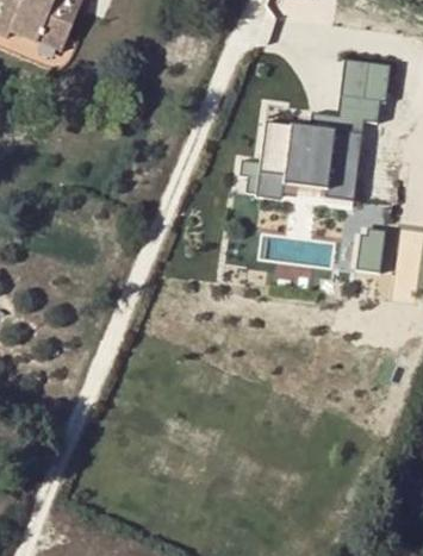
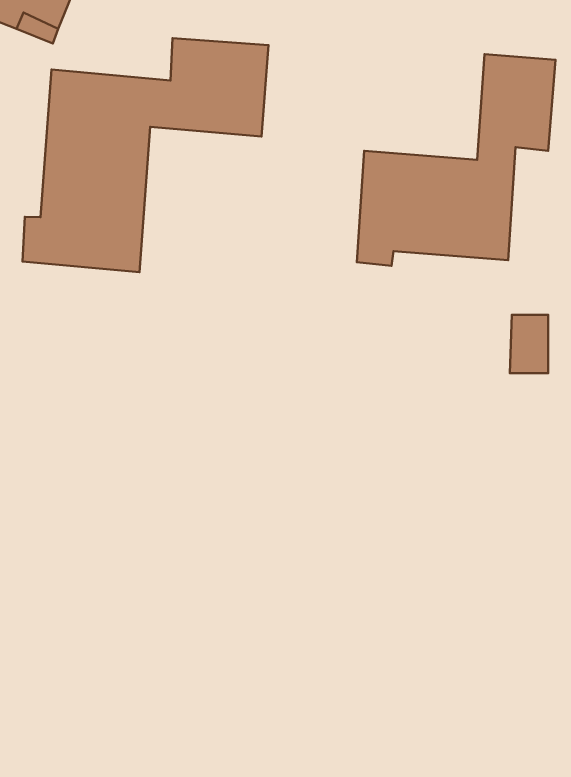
building: none -> [23,38,269,272]

